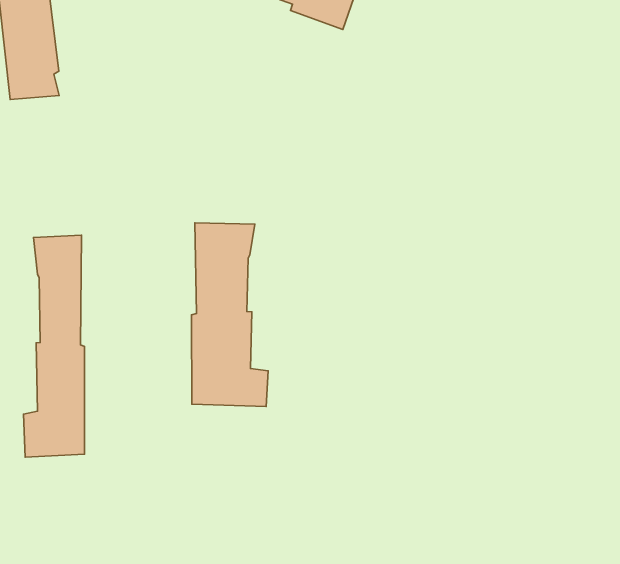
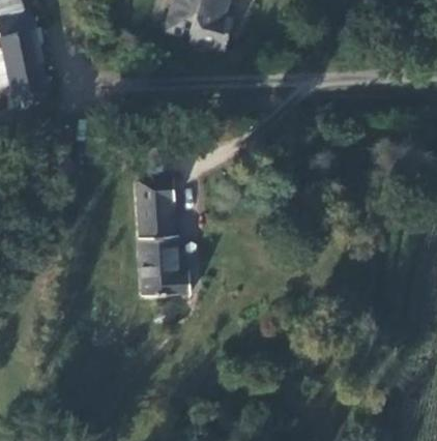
building: [23,235,85,457] -> none

